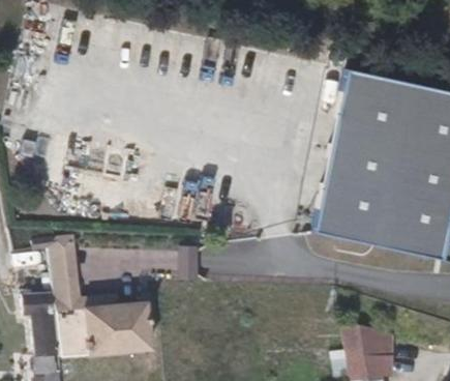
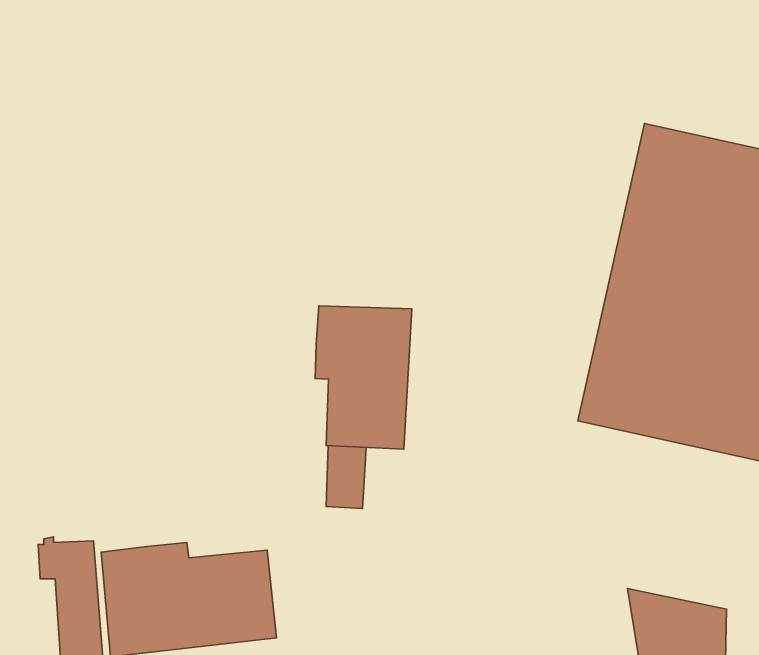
building: none -> [315,306,412,449]
building: [52,256,81,302] -> none

